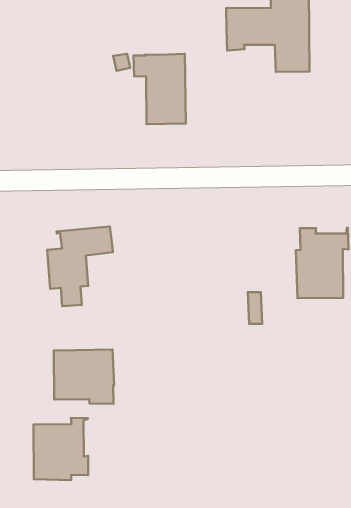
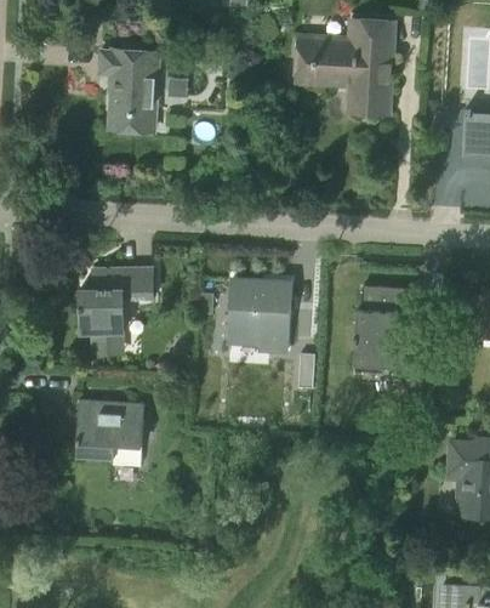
building: [134,54,186,124] -> [99,50,158,130]
building: none -> [228,278,290,352]
building: [33,418,88,480] -> none

